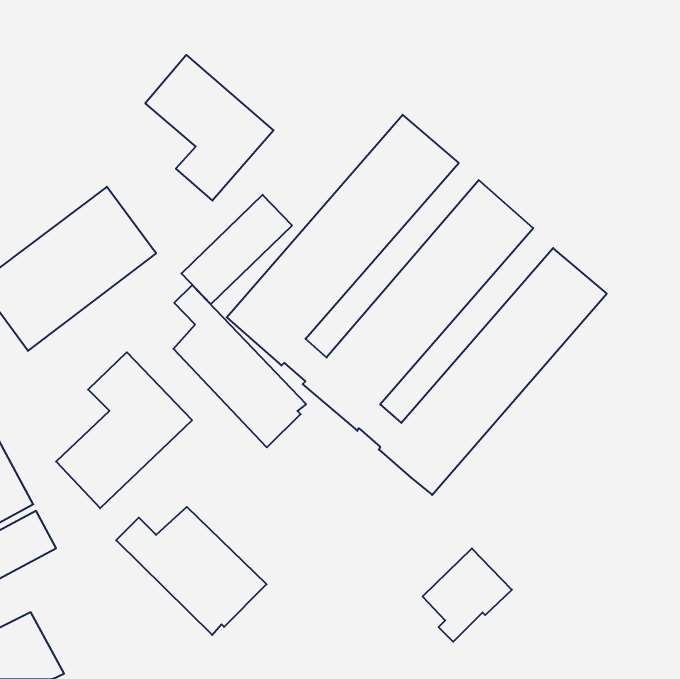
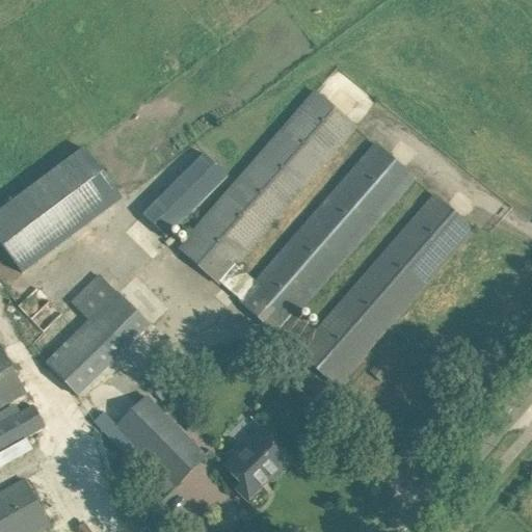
building: [145,55,274,201] -> none
building: [173,285,306,447] -> none
building: [423,548,512,642] -> [223,427,293,500]

